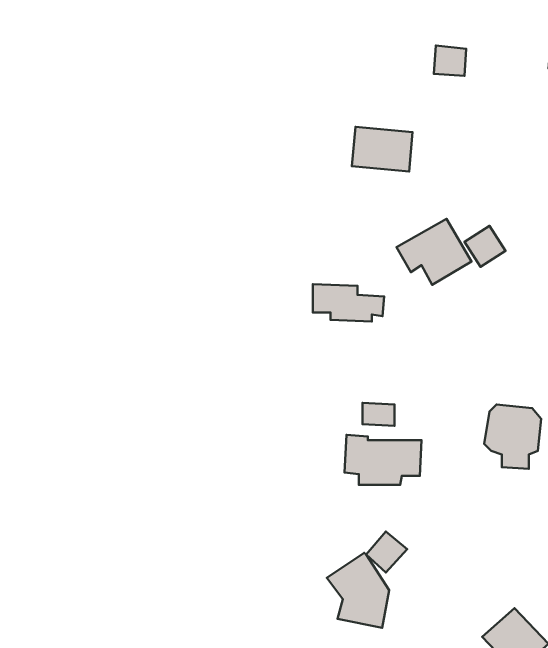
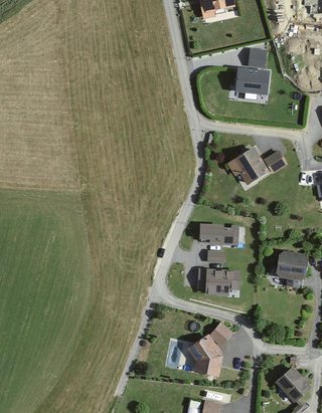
building: [352,127,413,172] -> [235,67,270,92]
building: [313,284,384,322] -> [200,223,240,244]

